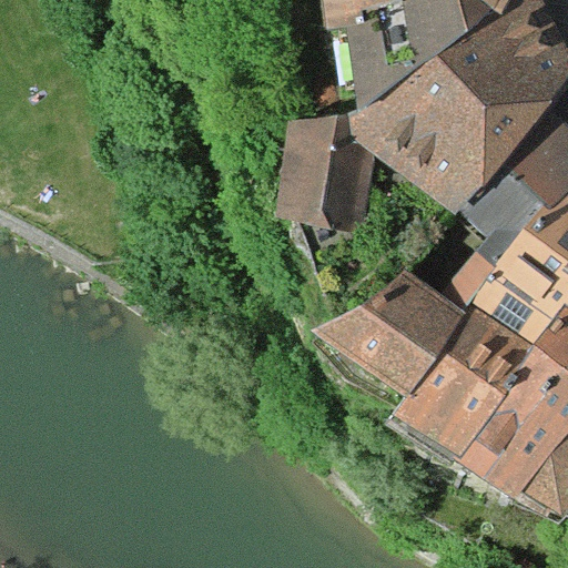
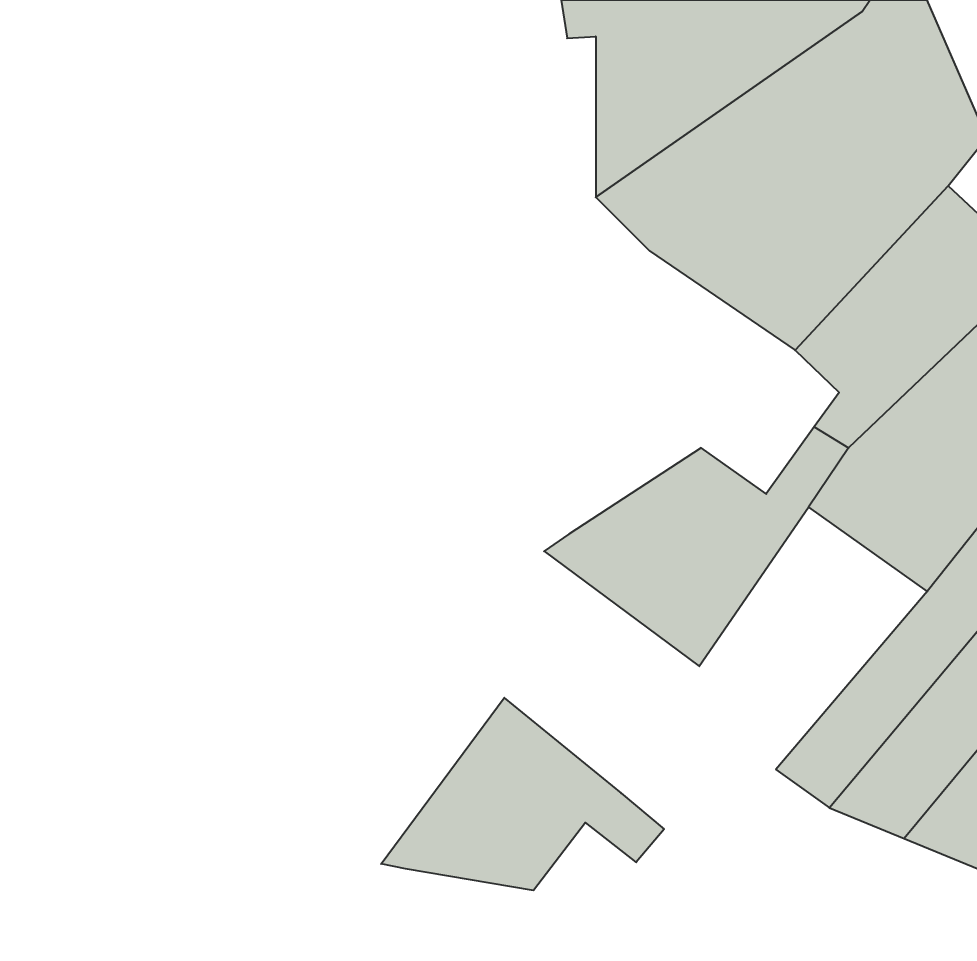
building: [293,123,377,229] -> none
building: [394,304,538,456] -> none
building: none -> [381,698,664,890]

